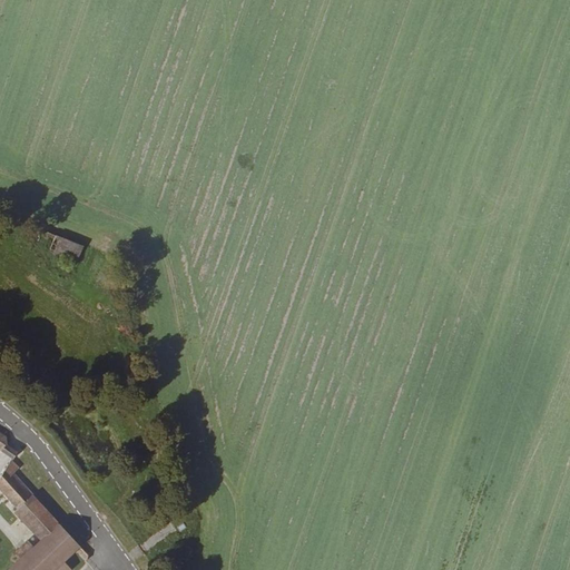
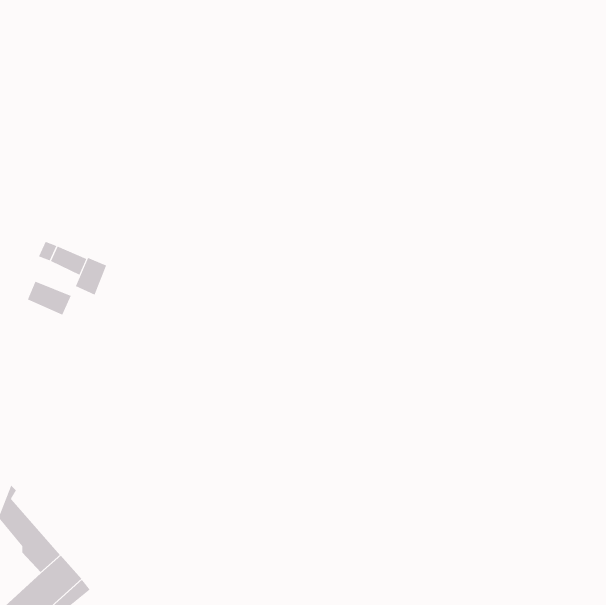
building: none -> [75,257,107,296]
building: none -> [27,281,72,315]

